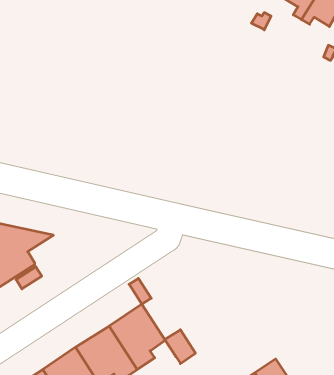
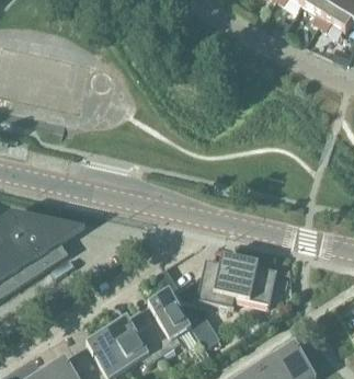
building: none -> [196,251,277,305]

